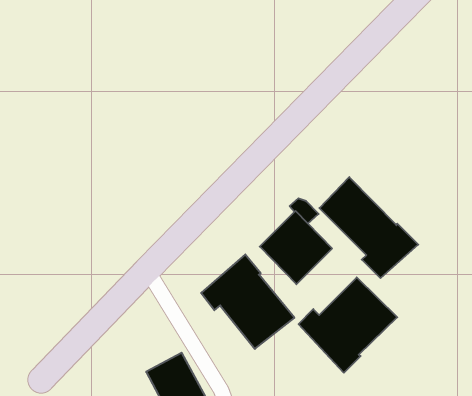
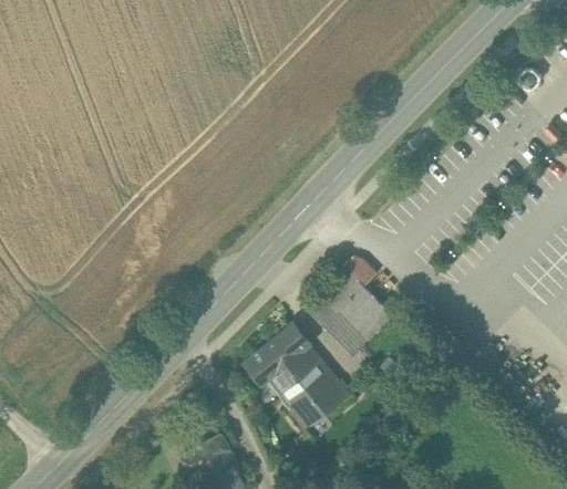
building: [319,177,418,278] -> none
building: [299,277,397,373] -> none

